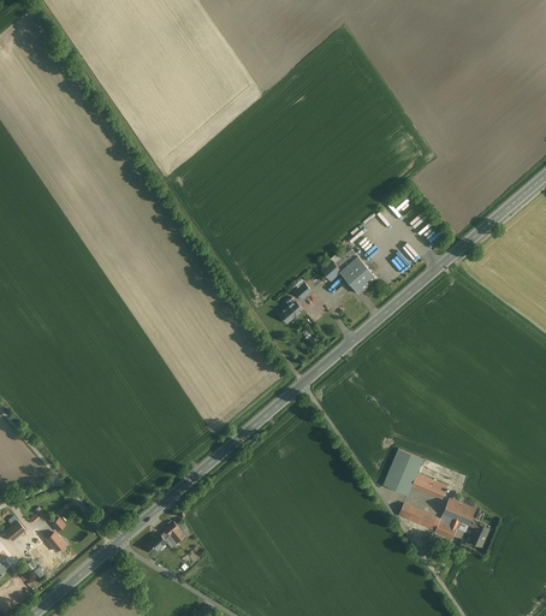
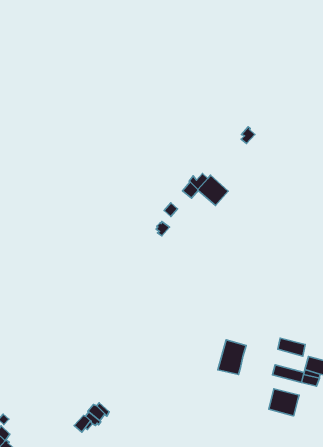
building: [384,448,423,493] -> [218,340,246,375]
building: none -> [269,389,299,416]

